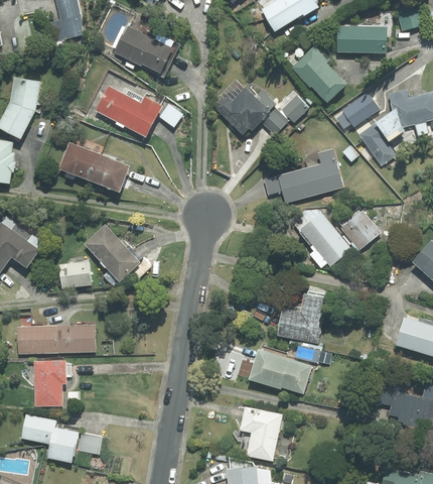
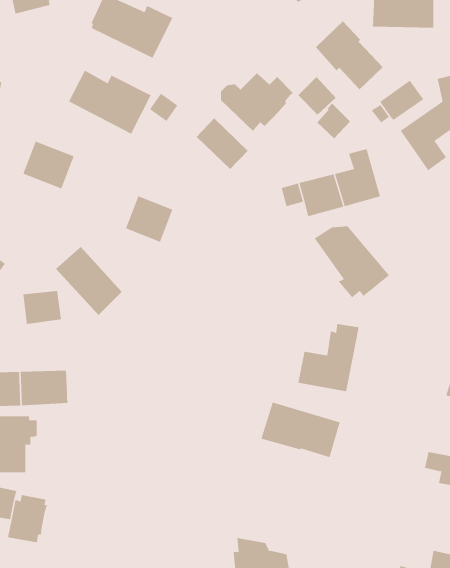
building: [260,106,287,135] -> [316,102,351,139]
building: none -> [196,118,249,170]
building: [90,154,128,192] -> [125,196,173,242]
building: [339,207,380,250] -> none
building: [238,407,281,461] -> none
building: [75,434,101,454] -> none

